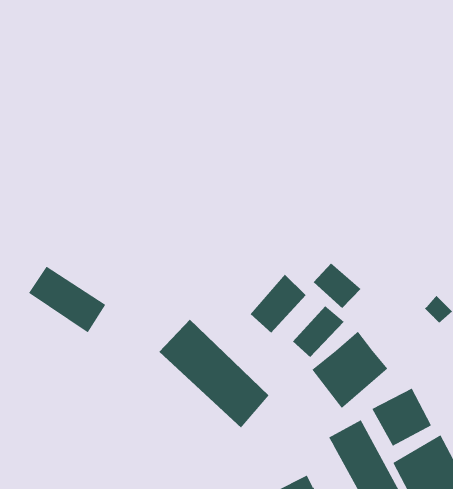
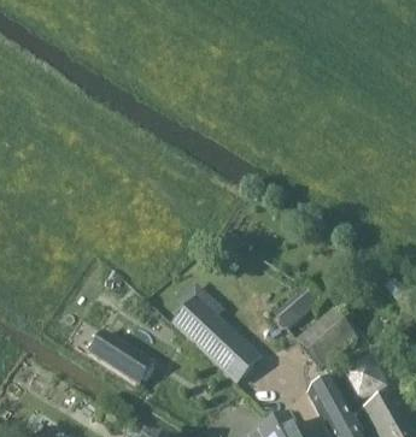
building: [313,262,362,309] -> none
building: [28,266,106,333] -> [90,331,153,385]
building: [250,274,306,334] -> none

